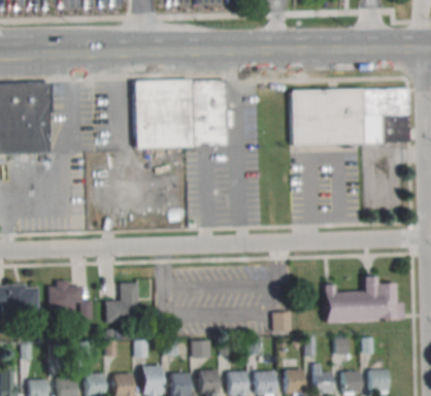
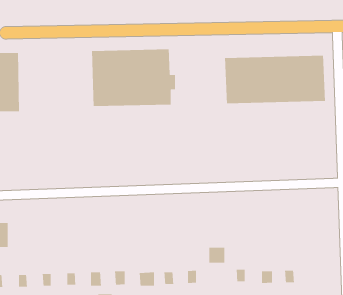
building: [323,276,404,323] -> none
building: [48,282,92,318] -> none
building: [105,283,138,321] -> none

